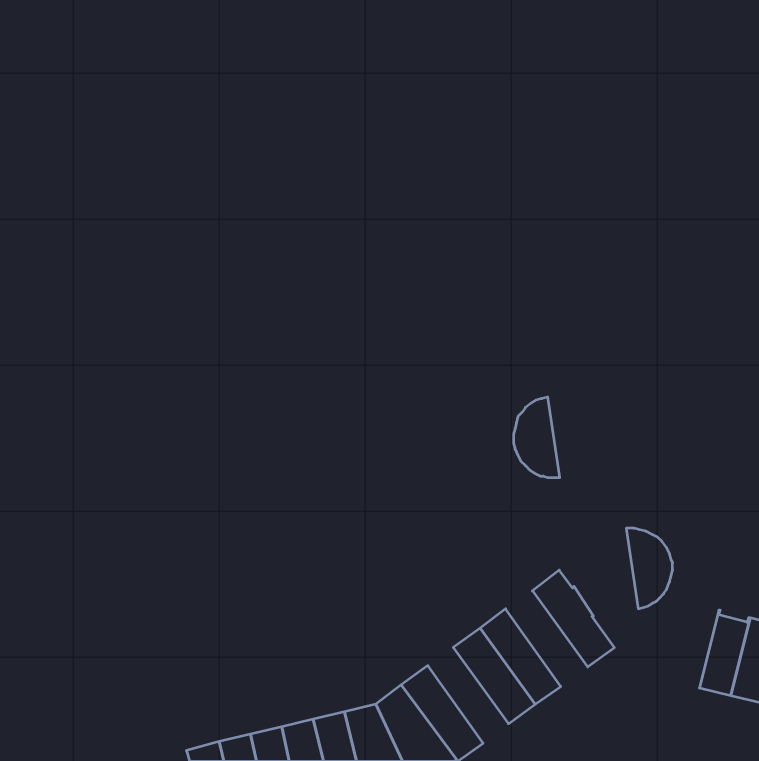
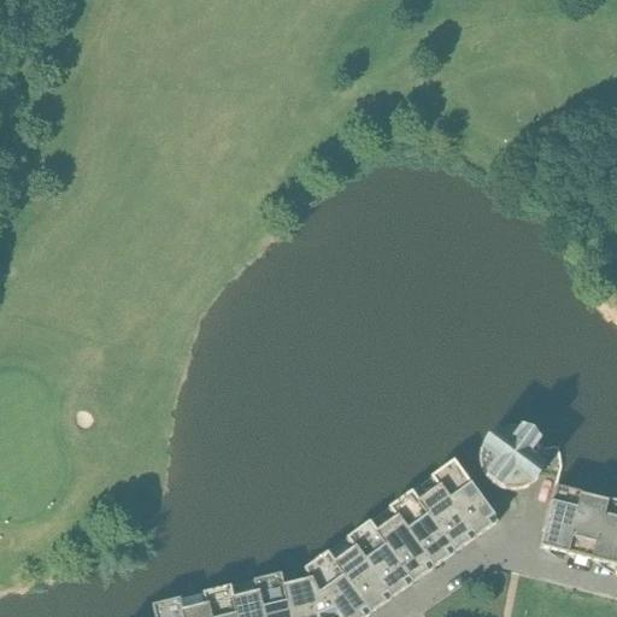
building: [514,397,560,478] -> [481,427,518,492]
building: none -> [411,477,477,554]
building: none -> [541,487,583,556]
building: none -> [348,523,413,600]

